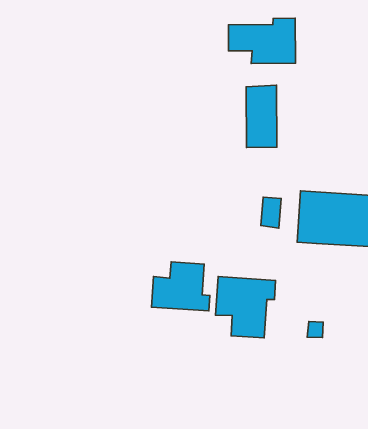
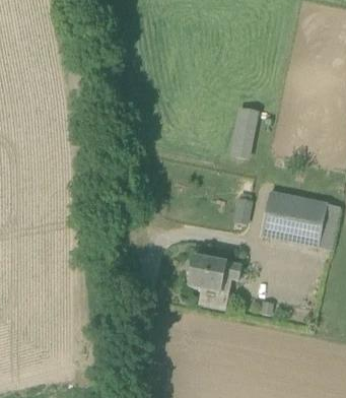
building: [229,18,295,64] -> none
building: [152,262,210,311] -> none

